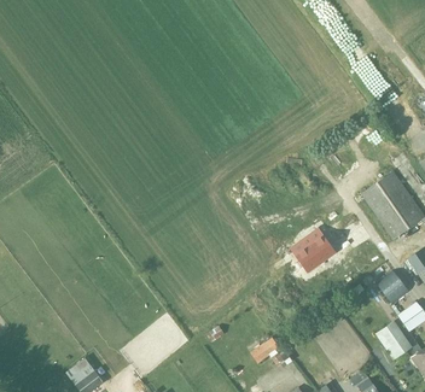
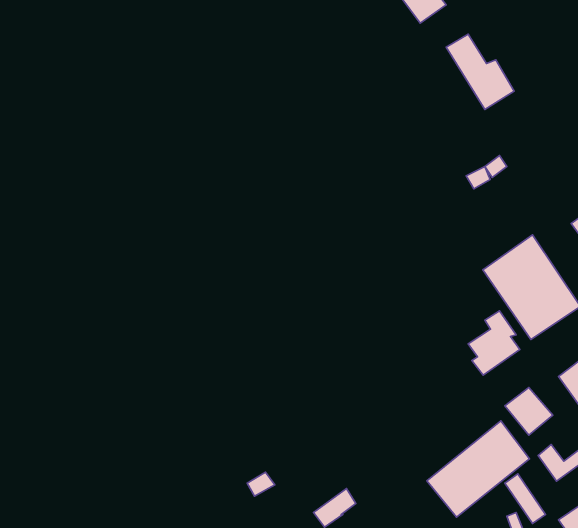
building: [297,228,331,270] -> [468,311,520,375]
building: none -> [427,421,530,517]

